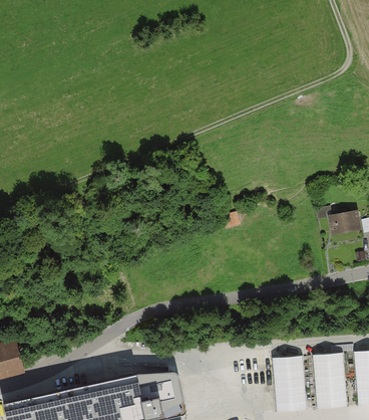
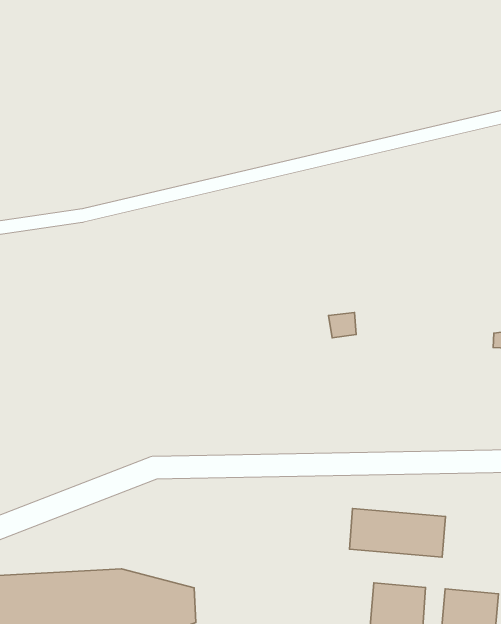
building: none -> [349,509,445,557]

